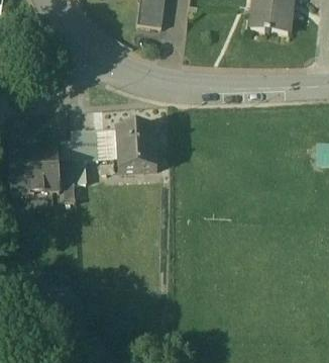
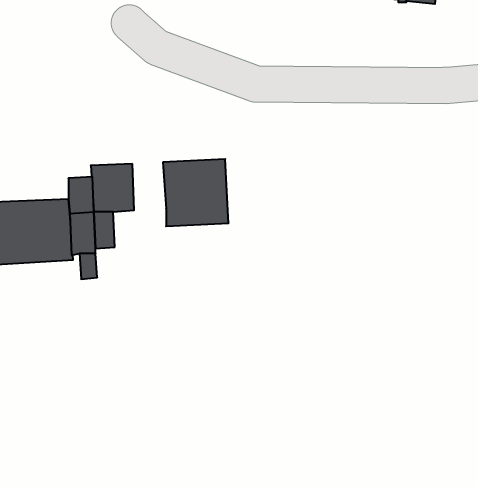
building: [98,128,119,159] -> none

